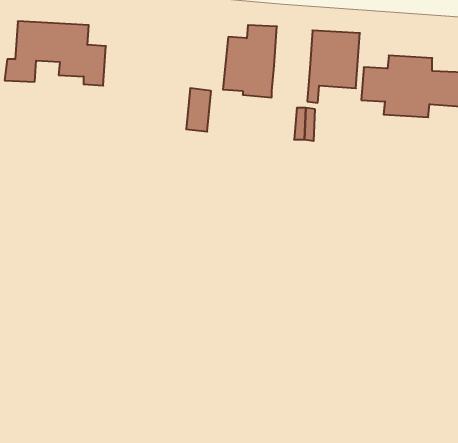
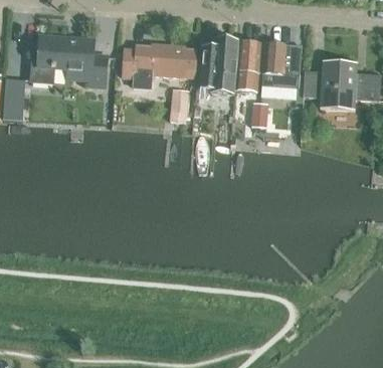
building: none -> [233,39,259,90]
building: none -> [122,44,195,86]

